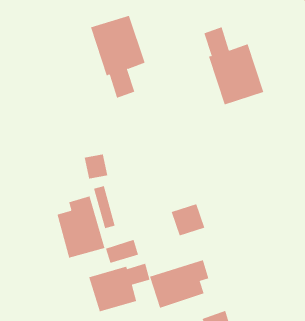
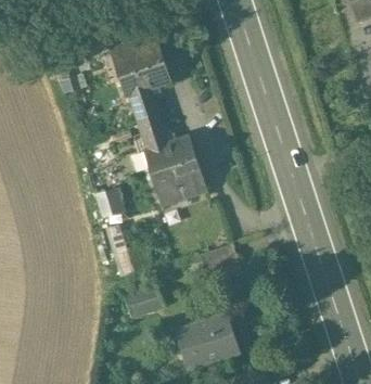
building: [203,27,264,105] -> [137,116,207,207]
building: [57,195,105,259] -> none
building: [89,263,150,312] -> none

